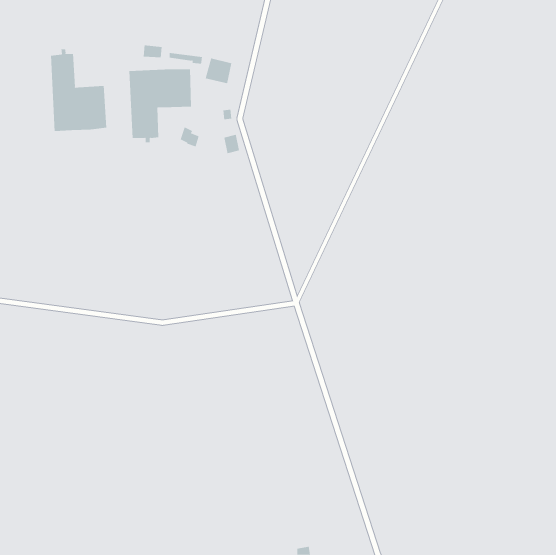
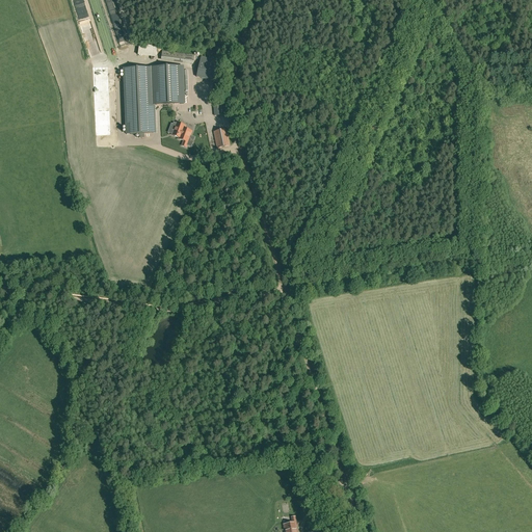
building: [50,48,107,132] -> none

